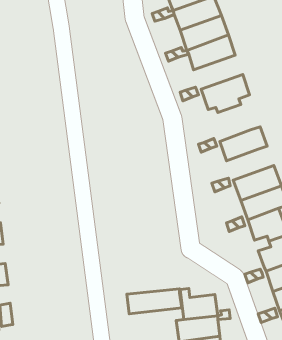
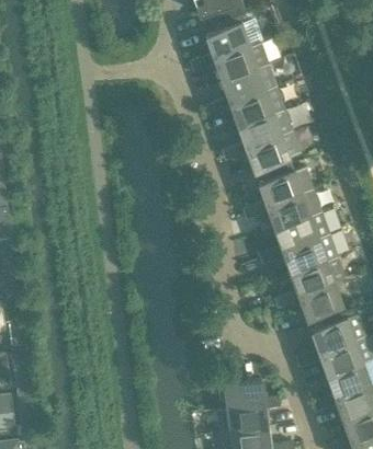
building: none -> [236,107,292,146]
building: none -> [257,163,312,205]
building: none -> [273,210,327,249]
building: [127,289,182,314] -> none

